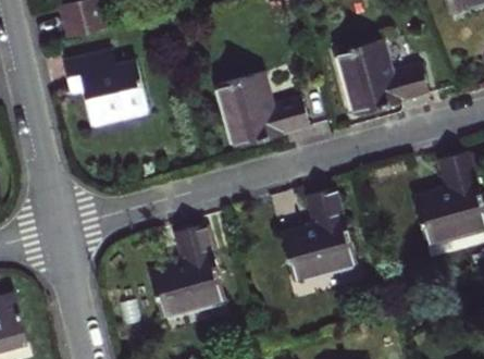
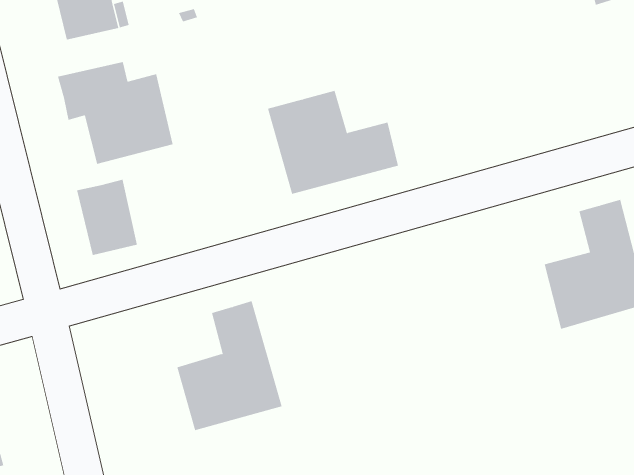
building: [337,40,430,115] -> none
building: none -> [76,179,138,256]
building: [281,189,358,283] -> none

